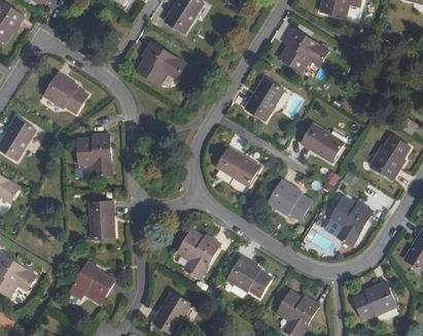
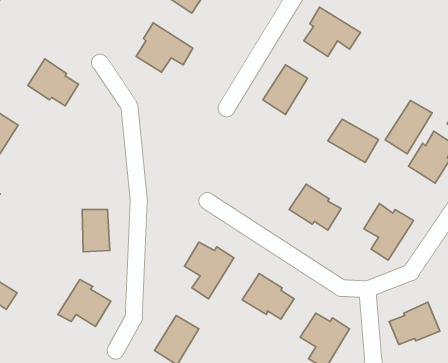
building: none -> [385,101,432,154]
building: [78,135,111,175] -> none
building: [217,147,259,186] -> none

